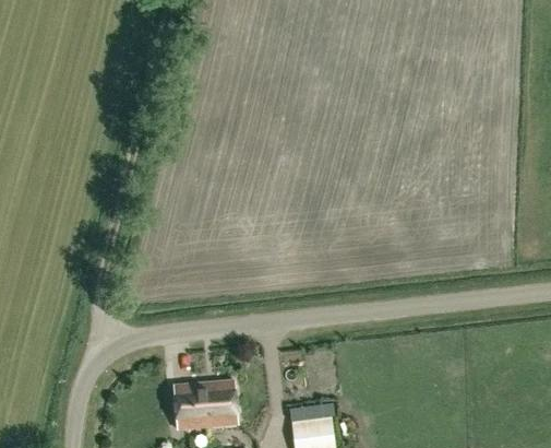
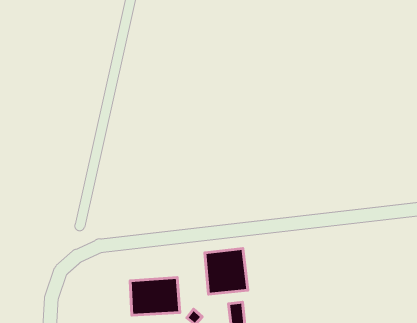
building: none -> [205,249,248,294]

